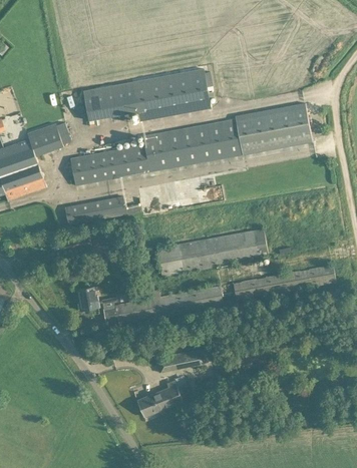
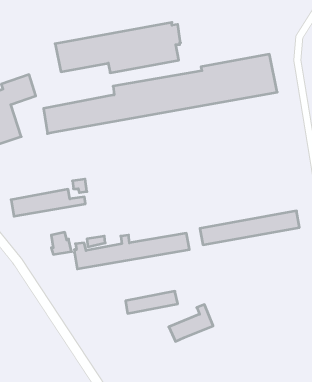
building: [64,195,141,223] -> [11,189,85,216]
building: [155,227,269,277] -> none
building: [136,378,183,416] -> [169,305,213,341]

